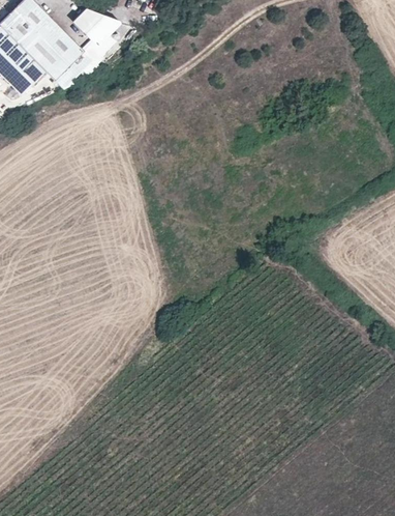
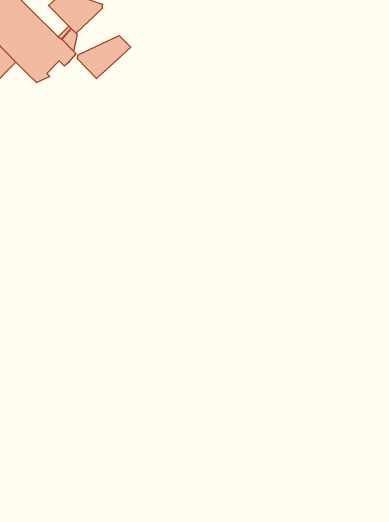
building: none -> [77,36,131,79]

